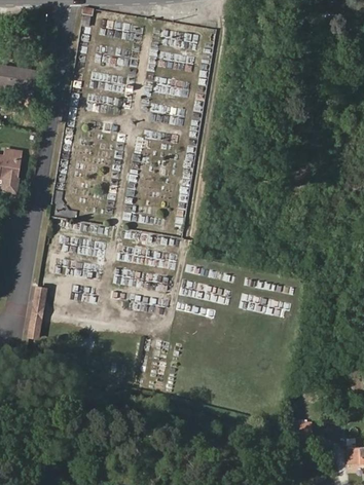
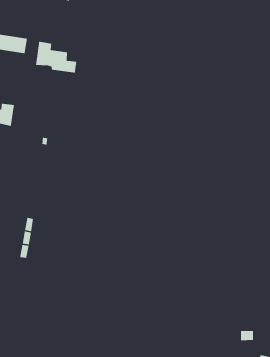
building: none -> [35,41,77,74]

